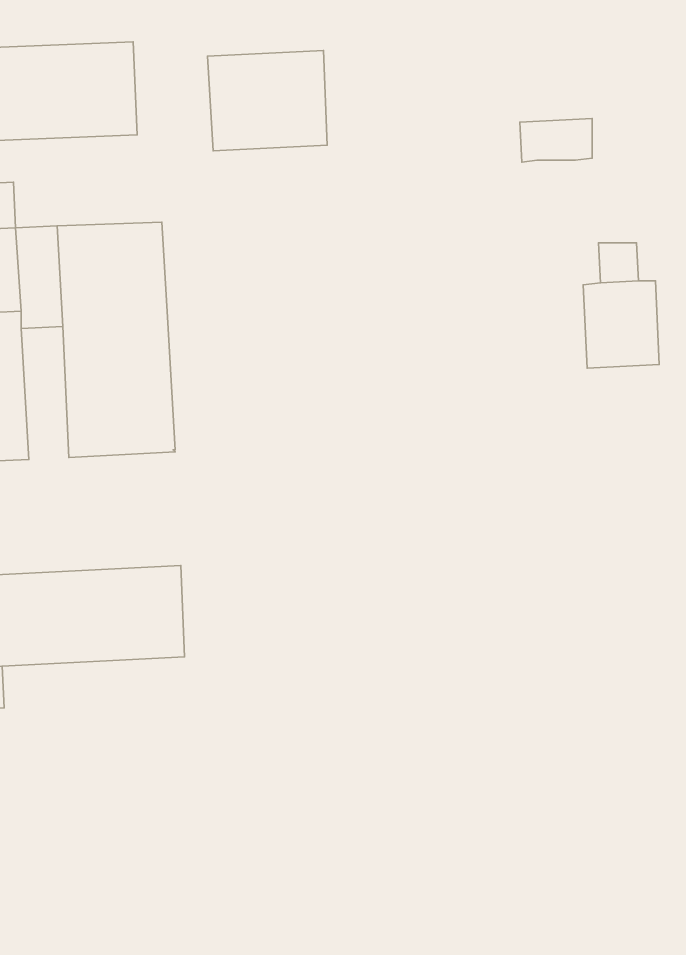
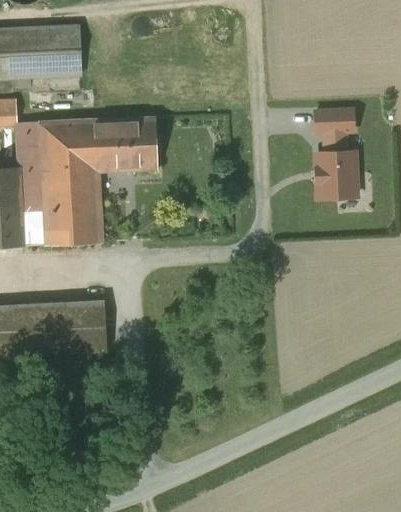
building: [208,50,327,151] -> [94,117,157,170]
building: [520,118,592,162] -> [315,109,353,132]
building: none -> [20,175,45,245]

